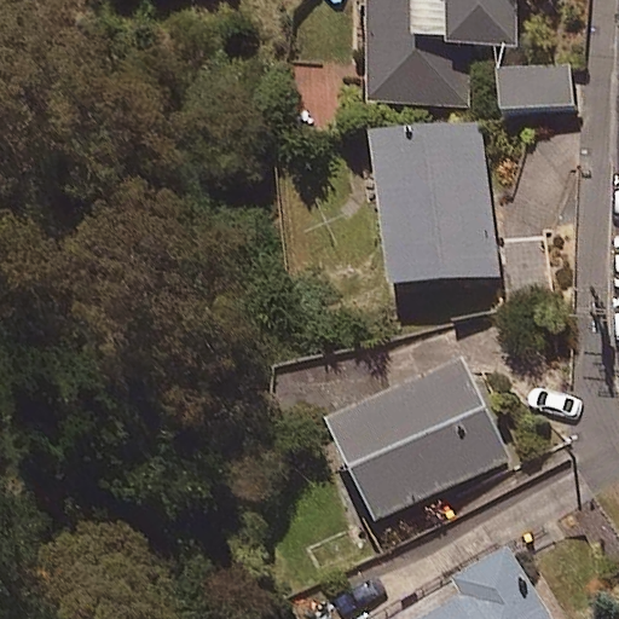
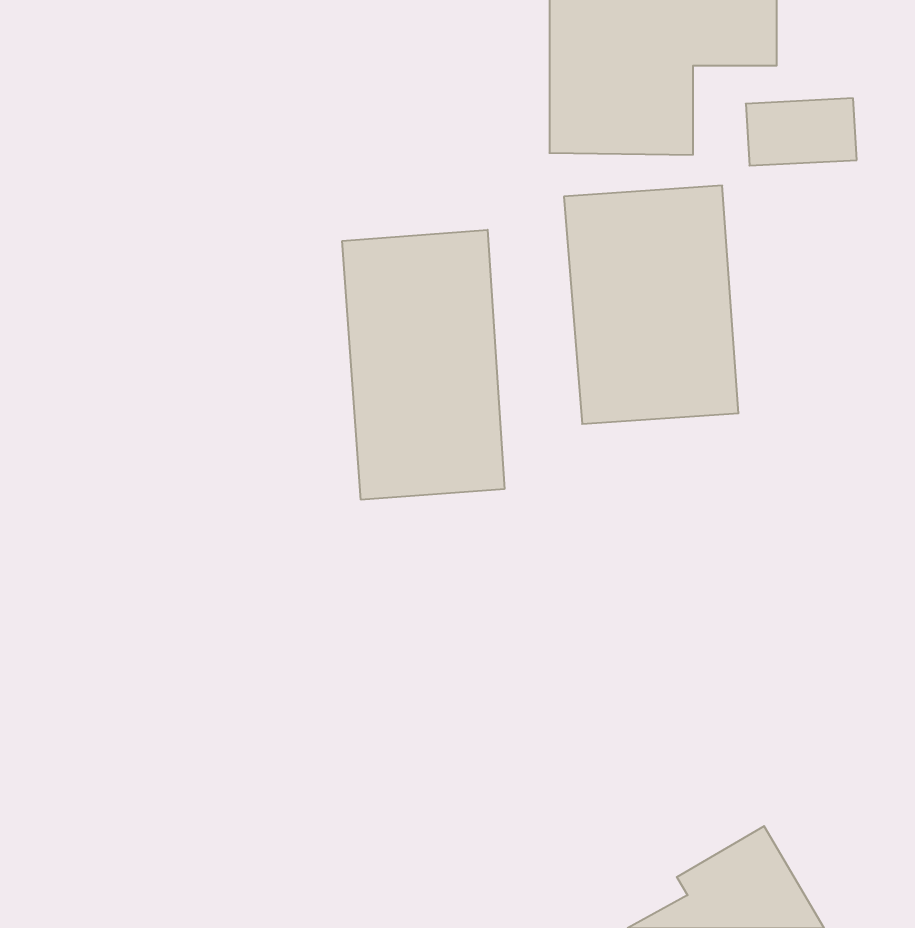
building: none -> [342,230,504,500]
building: [329,360,505,520] -> none

